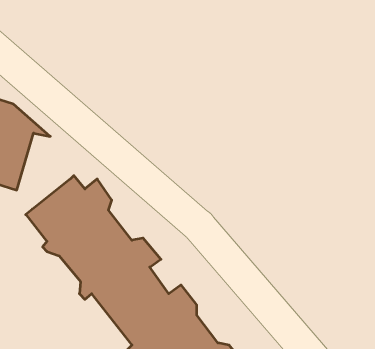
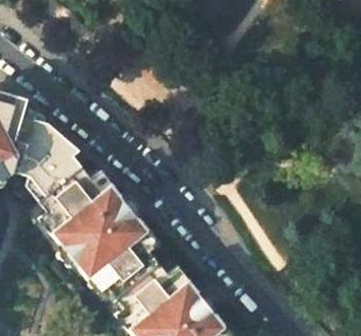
building: none -> [29,128,81,197]

